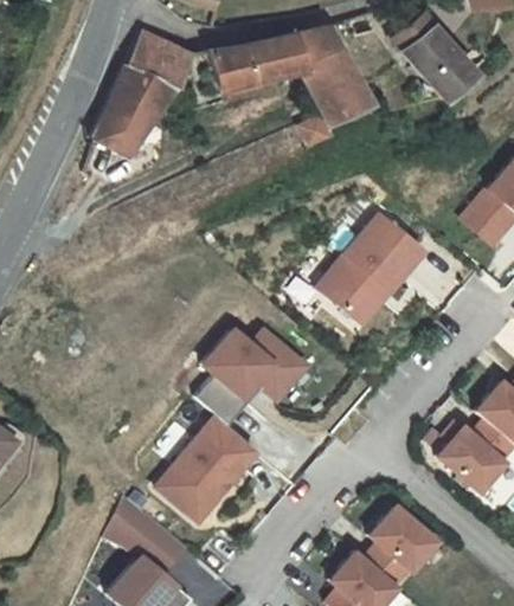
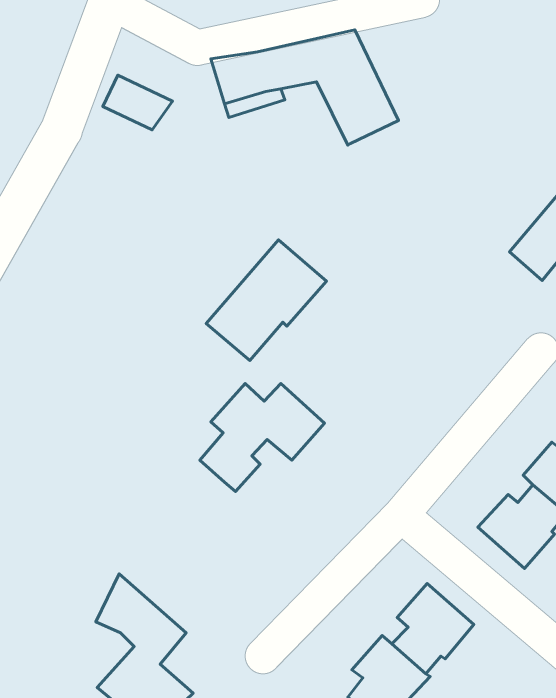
building: [390,13,470,99] -> none
building: [127,31,191,89] -> none
building: [90,92,156,155] -> none
building: [320,214,424,318] -> [206,240,327,360]
building: [159,417,258,520] -> none

